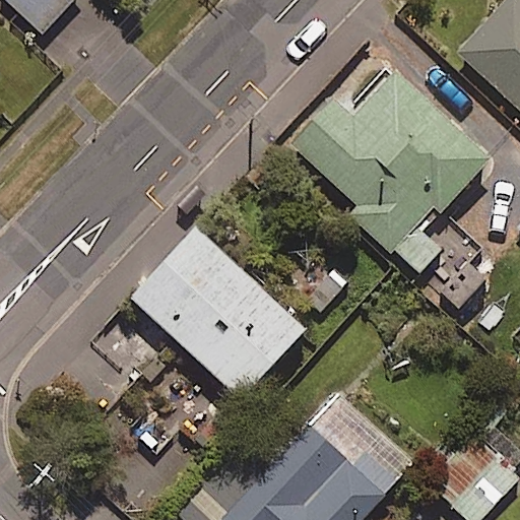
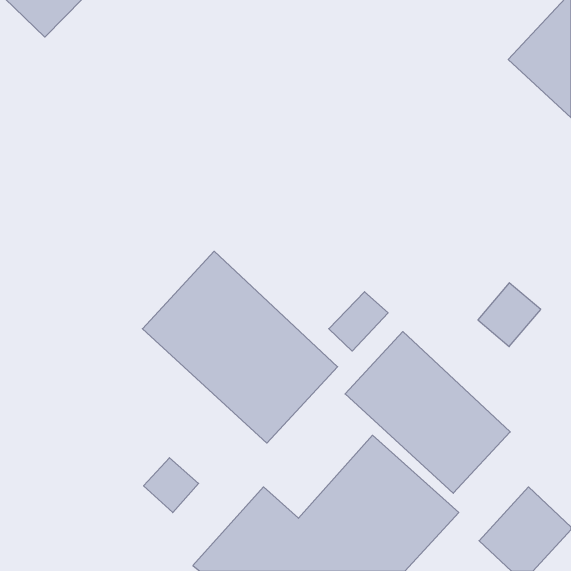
building: [295,71,489,276] -> none
building: none -> [345,332,510,493]

